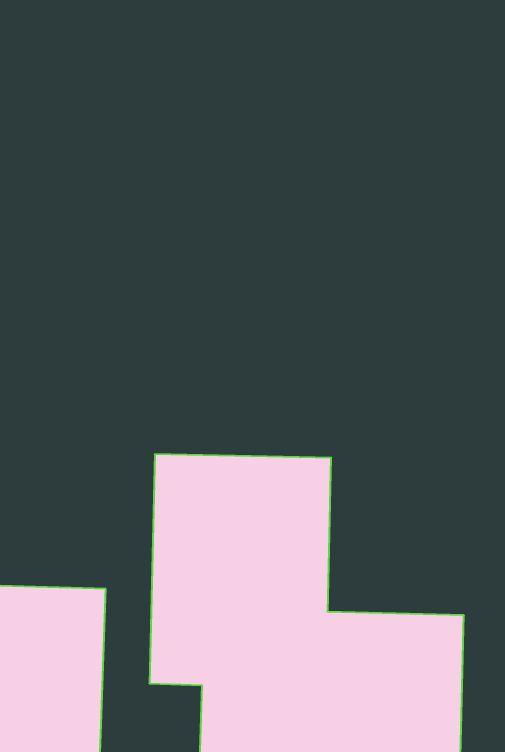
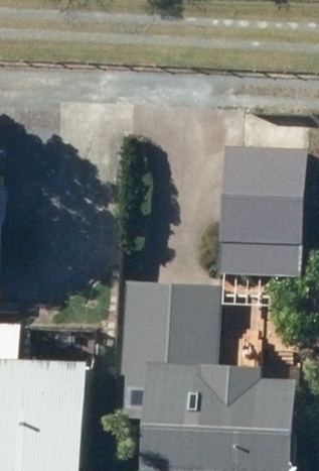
building: none -> [219,148,304,275]

